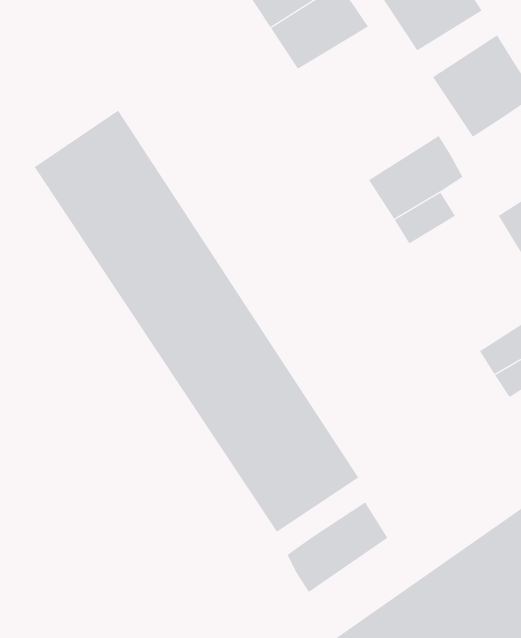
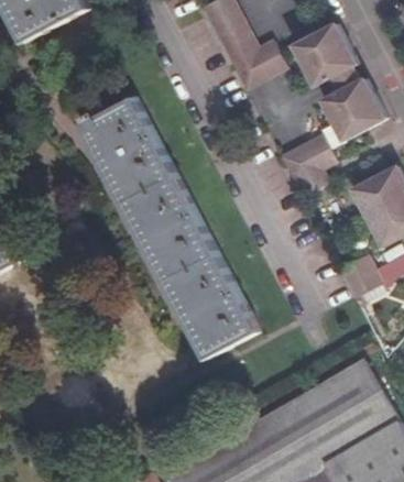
building: [287,501,388,593] -> none

